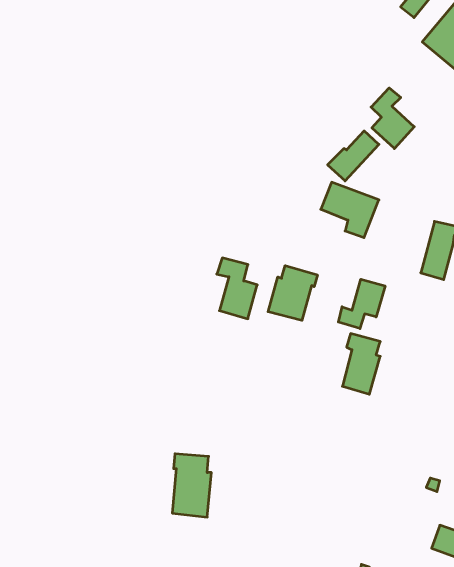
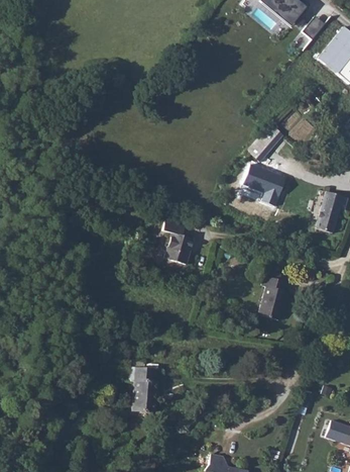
building: [371,88,414,149] -> none
building: [268,266,317,320] -> none
building: [338,279,385,329] -> none

